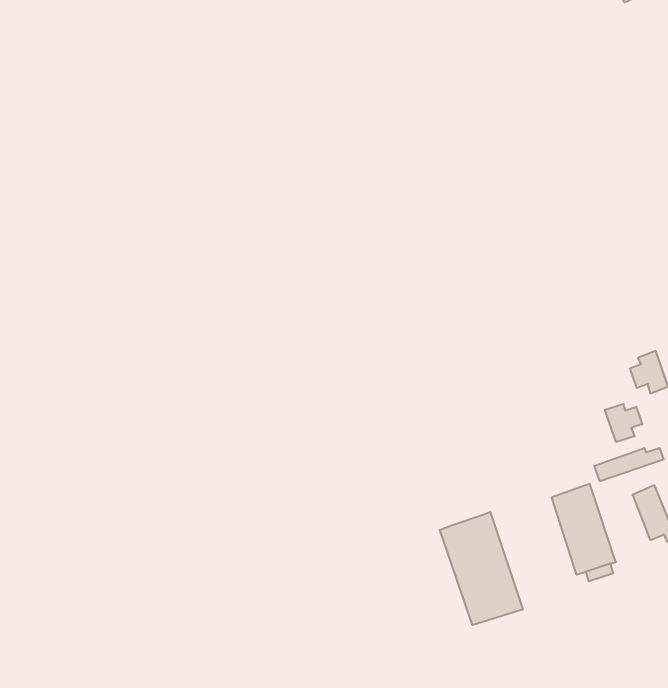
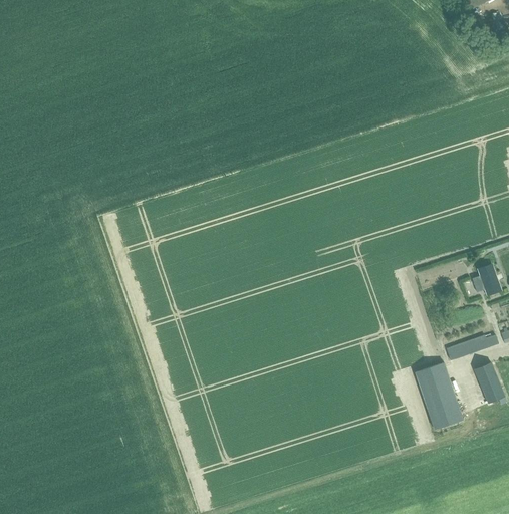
building: [605,404,642,442] -> none
building: [440,512,523,625] -> none

